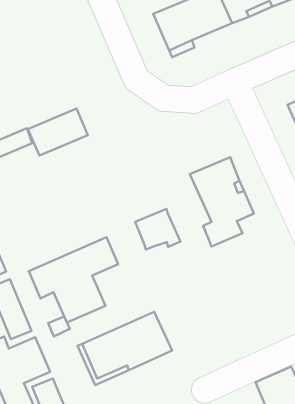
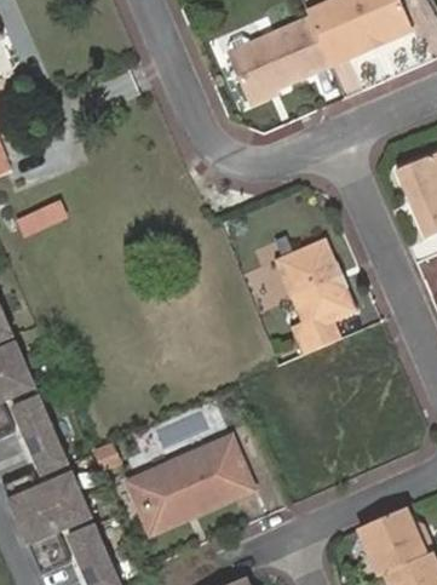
building: [28,109,88,156] -> none
building: [135,209,180,249] -> none
building: [29,237,118,323] -> none

